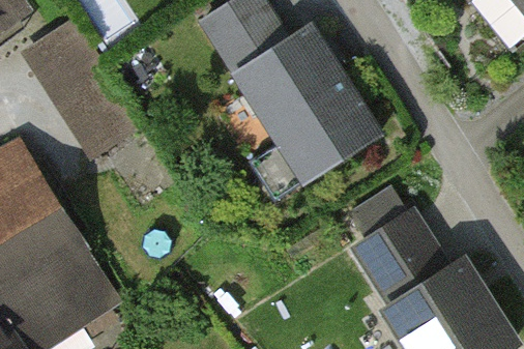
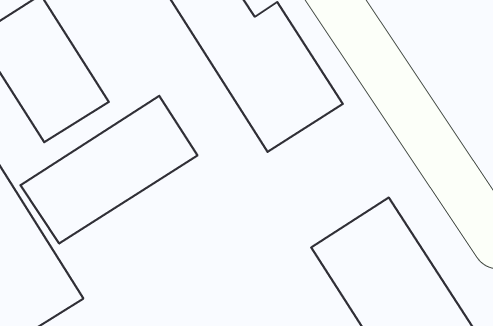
building: none -> [20,96,197,244]

